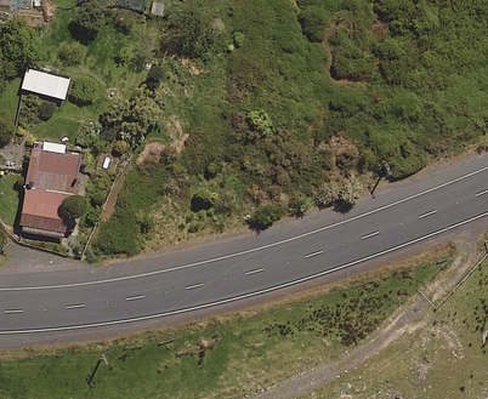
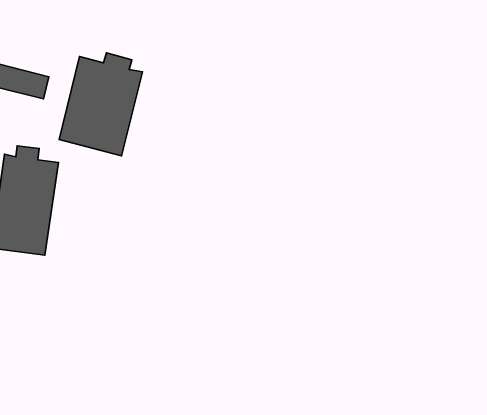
building: none -> [59,53,142,156]

